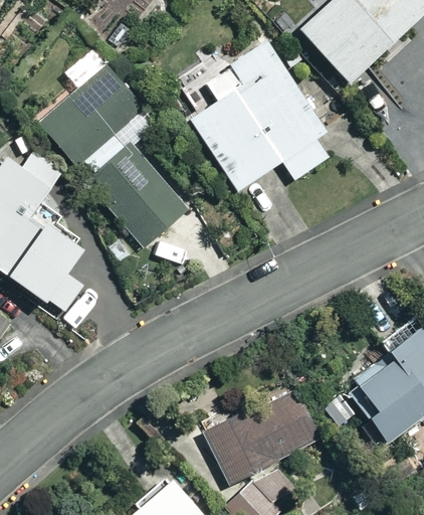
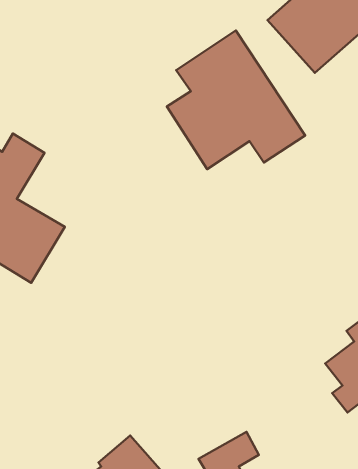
building: [41,66,145,165] -> none
building: [90,144,193,249] -> none
building: [199,383,313,479] -> none

